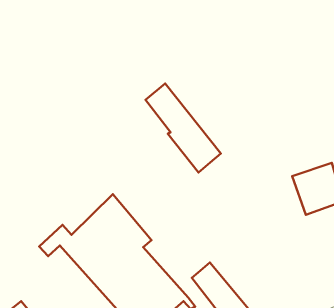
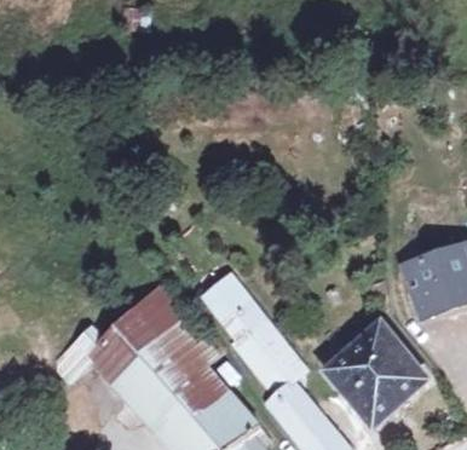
building: [145,84,221,172] -> [203,273,305,393]
building: none -> [324,321,426,426]

